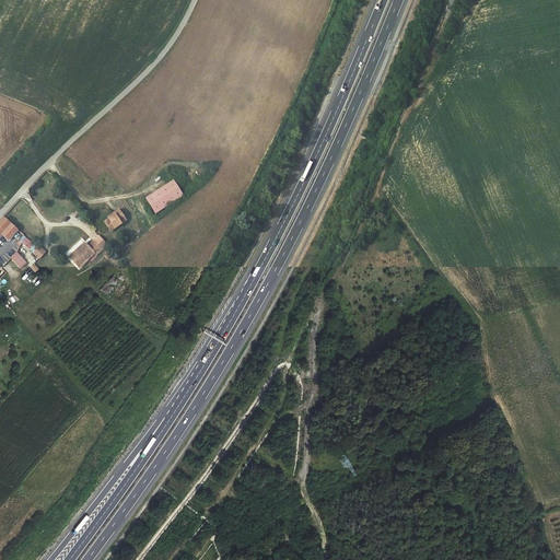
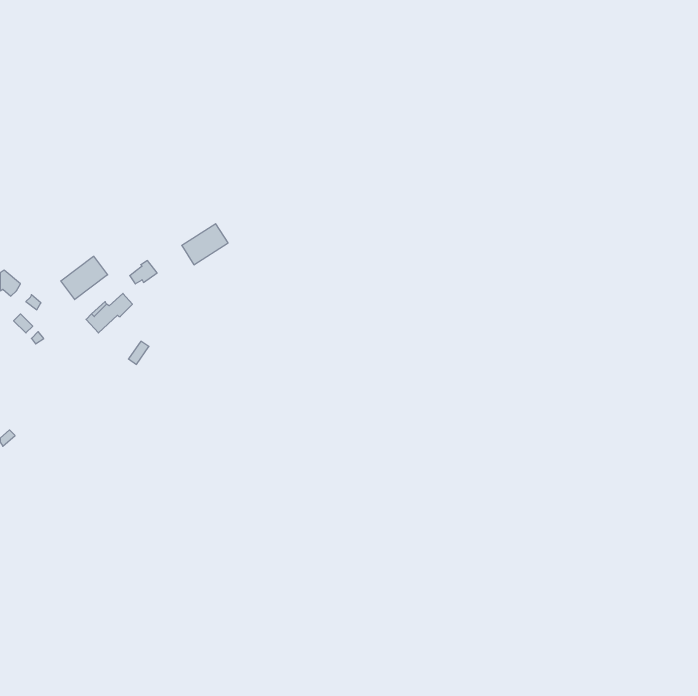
building: none -> [61,256,108,300]

